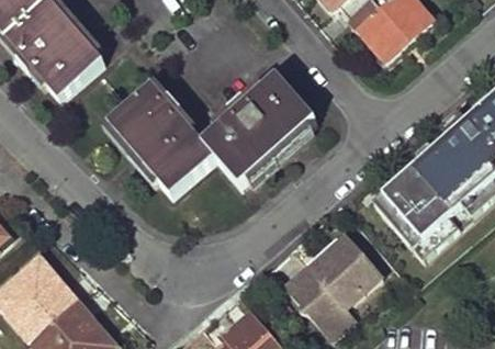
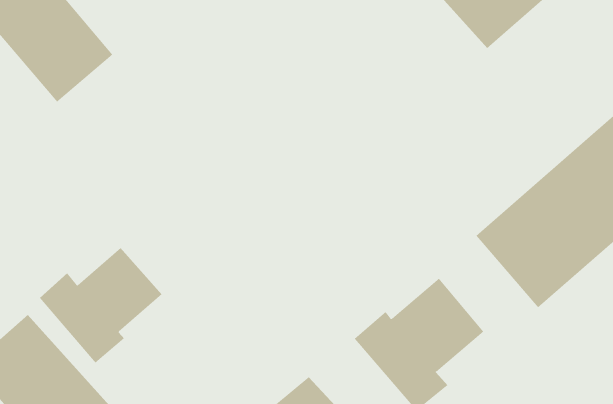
building: [106,77,314,194] -> none
building: none -> [39,247,162,363]

